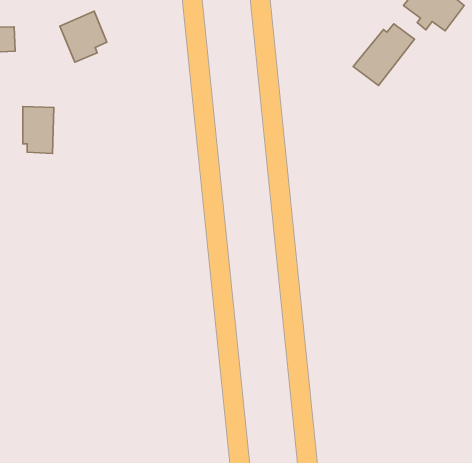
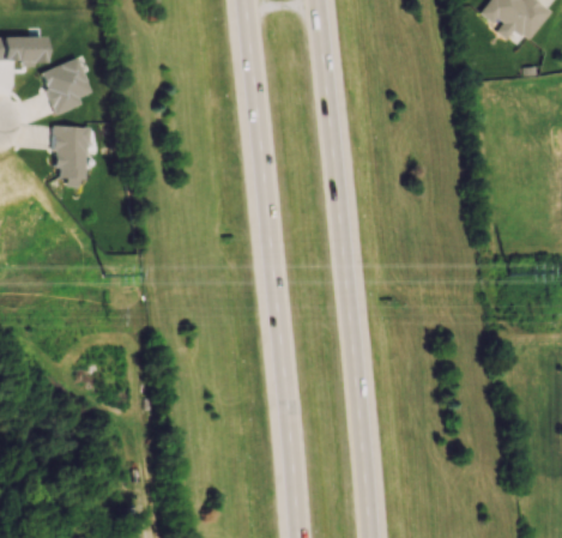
building: [60,11,107,62] -> [41,56,93,114]
building: [353,24,415,86] -> none

